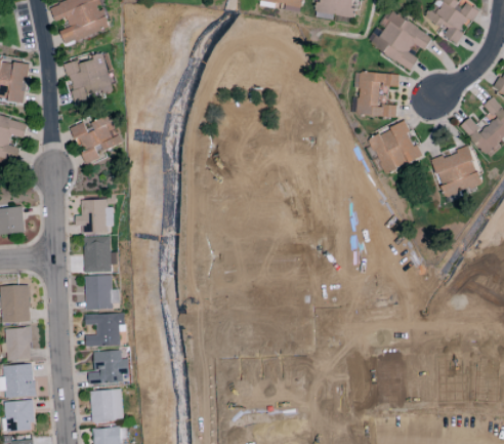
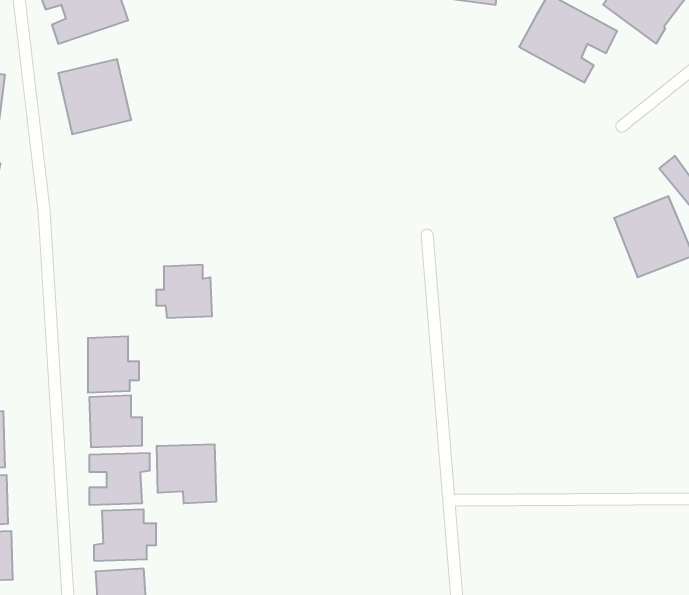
building: [352,72,400,117] -> none
building: [70,113,122,164] -> none
building: [369,122,421,174] -> none
building: [76,199,113,234] -> [156,265,212,318]
building: none -> [157,444,216,504]

